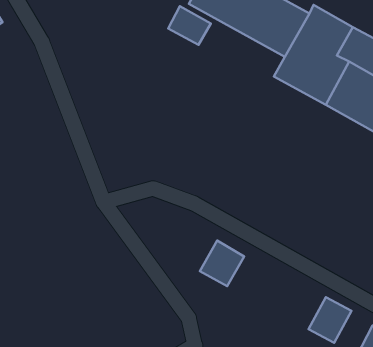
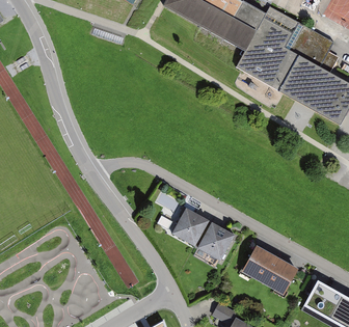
building: [168,6,211,45] -> none
building: none -> [196,221,234,260]
building: none -> [241,243,277,281]

